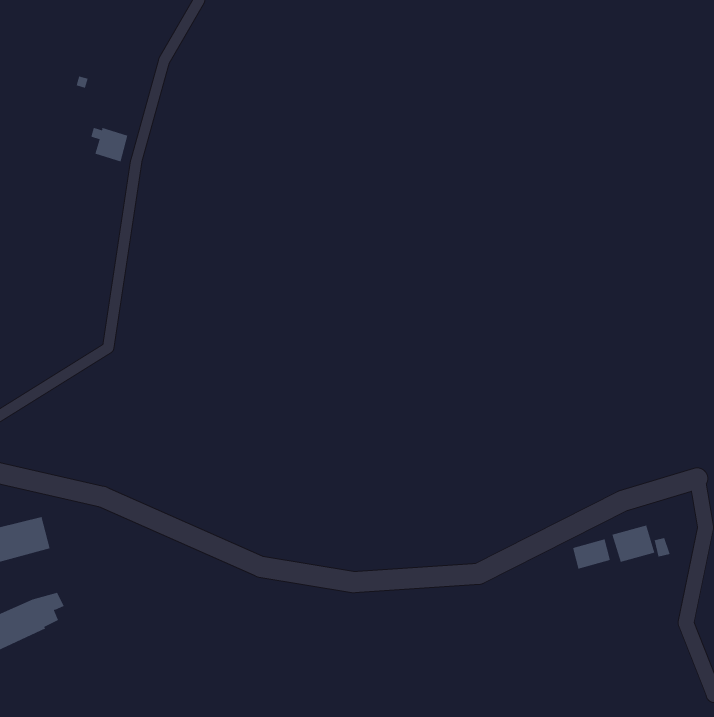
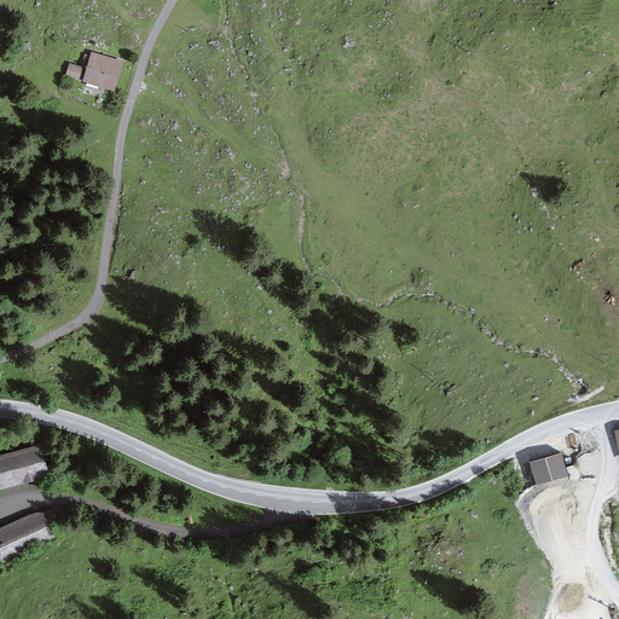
building: [90,127,128,162] -> [81,56,114,86]
building: [572,538,611,569] -> none

